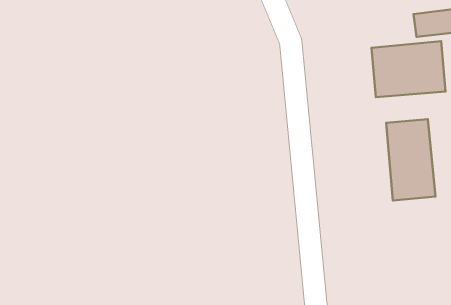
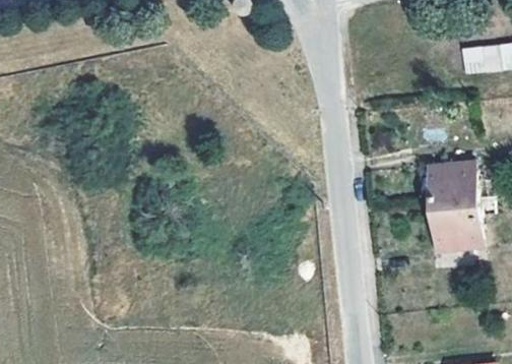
building: [372,41,446,97] -> none

